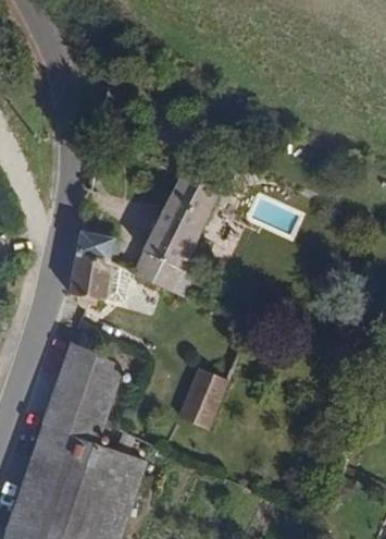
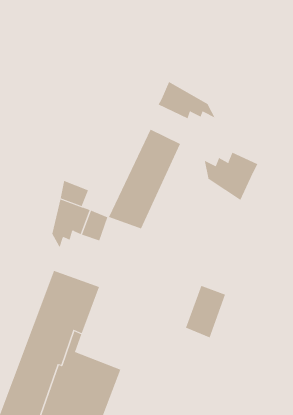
building: none -> [158,81,216,119]
building: none -> [204,152,258,201]
building: [179,370,227,432] -> [185,285,226,338]

